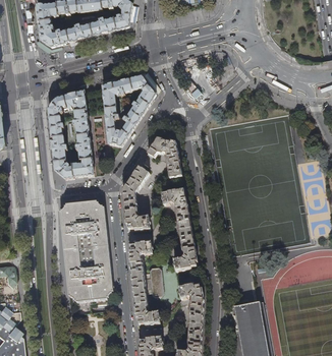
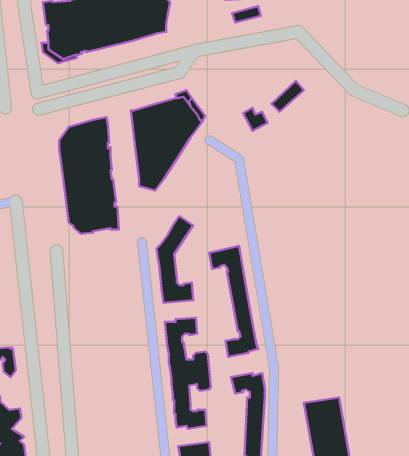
building: [146,138,181,178] -> none
building: [59,200,113,313] -> none

